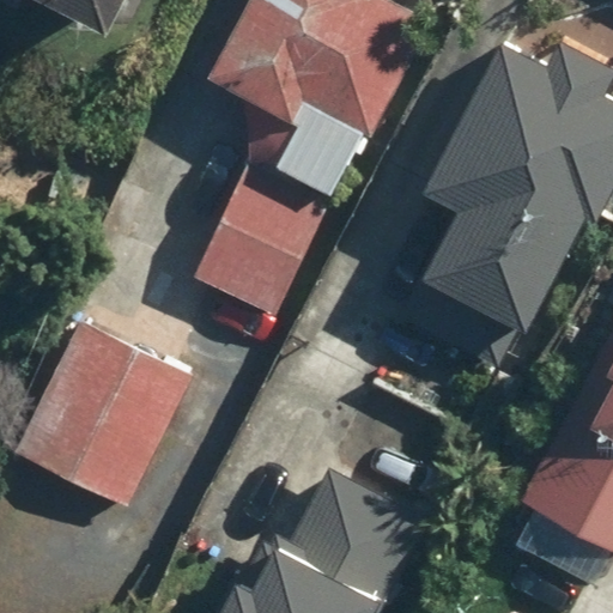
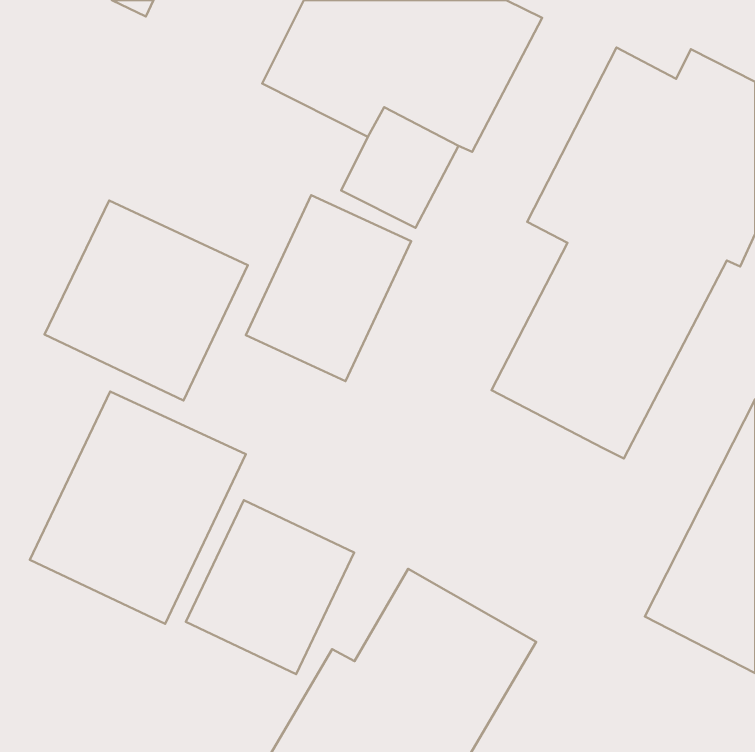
building: none -> [44,200,248,400]
building: none -> [186,500,354,674]

